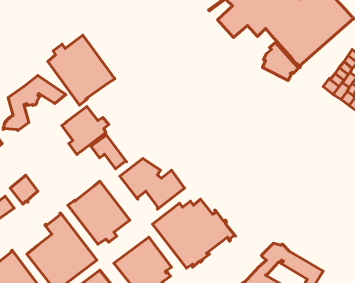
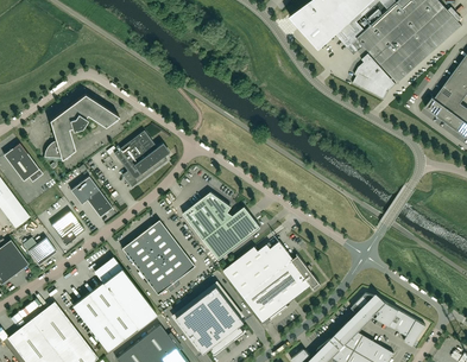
building: [48,35,115,105] -> none
building: [91,135,127,169] -> [70,177,113,217]

